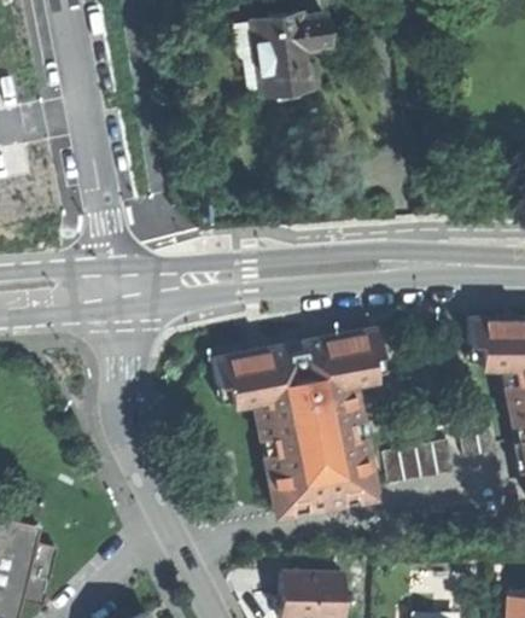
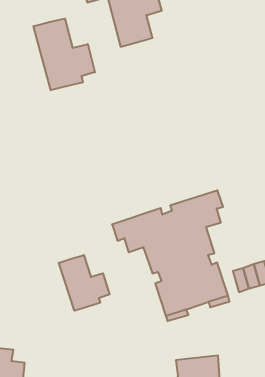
building: none -> [34,19,95,90]
building: none -> [59,255,110,311]

